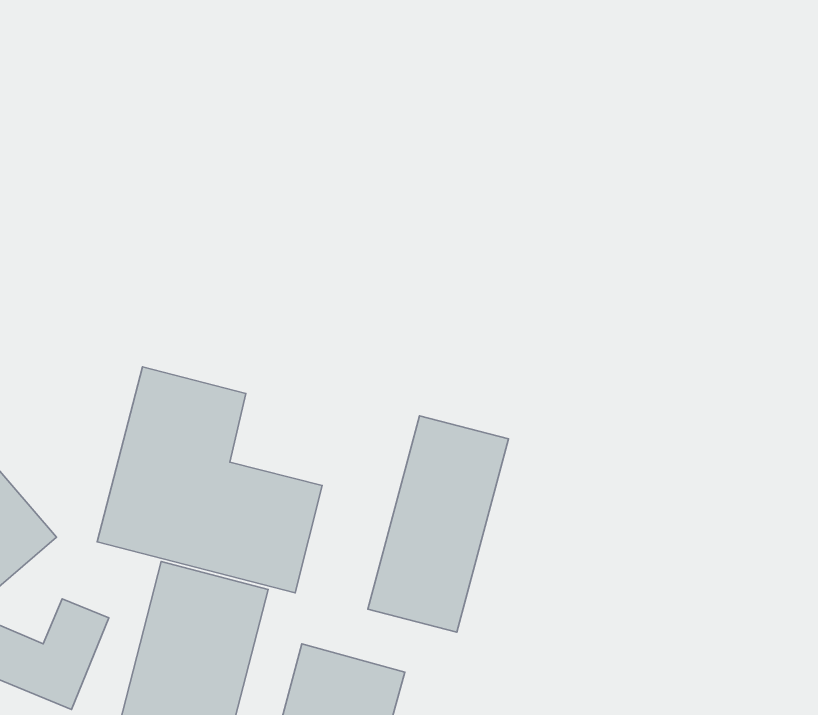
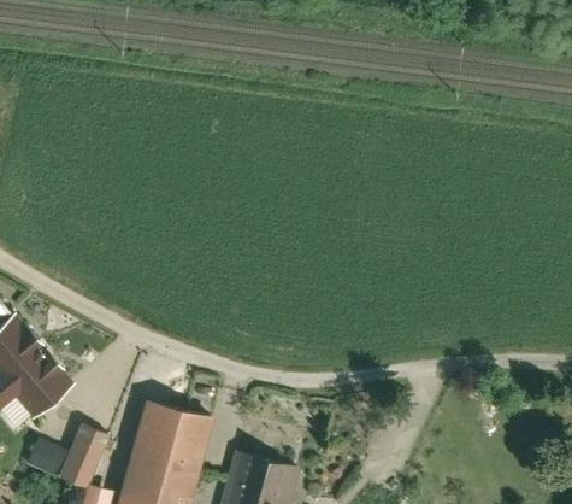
building: [97,367,322,593] -> none
building: [368,416,508,632] -> none

